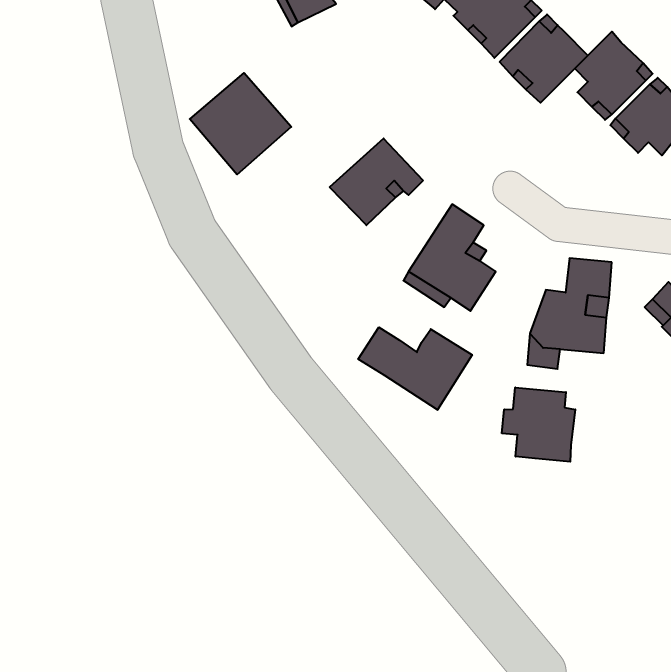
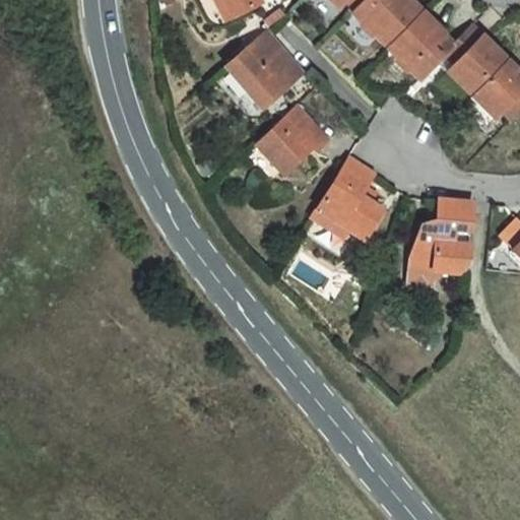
building: [190,73,291,174] -> [225,30,304,109]
building: [358,327,472,410] -> none
building: [502,387,575,462] -> none

